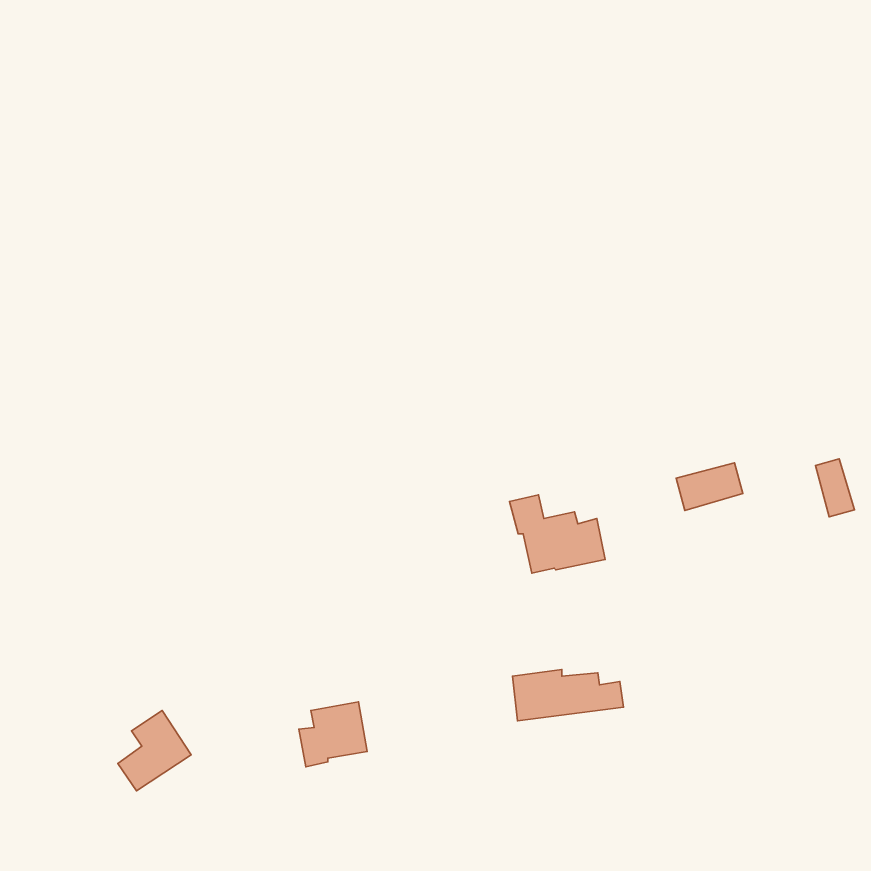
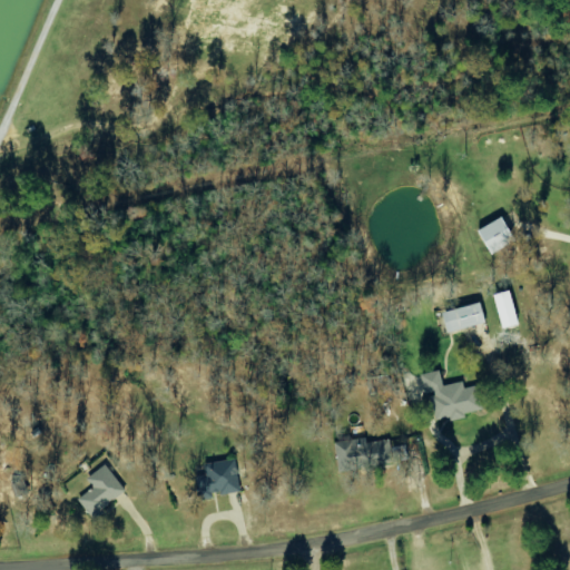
building: none -> [478,216,515,254]
building: [815,459,855,517] -> [493,289,519,327]
building: [510,495,605,573] -> [421,368,483,420]

